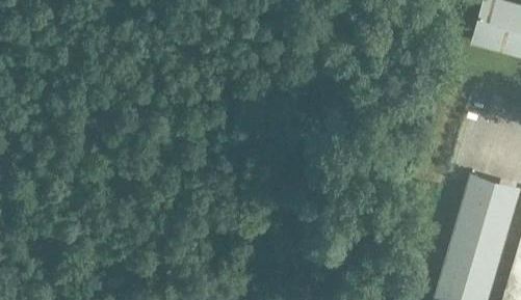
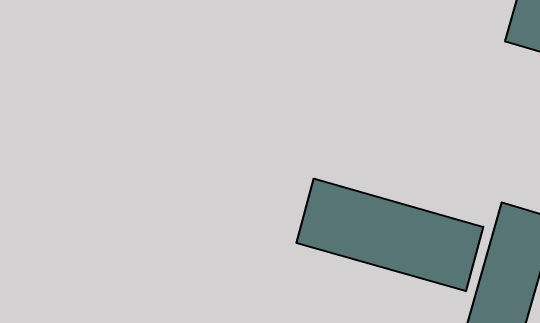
building: none -> [296,179,483,291]

